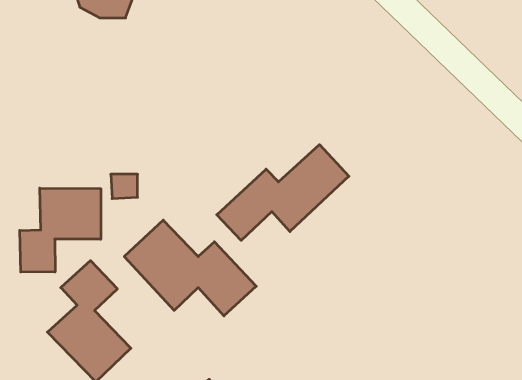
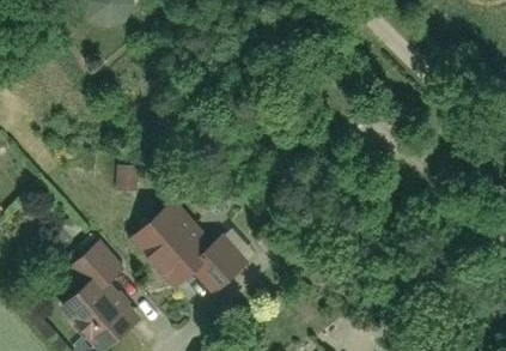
building: [217,145,349,240] -> none
building: [20,188,101,272] -> none

